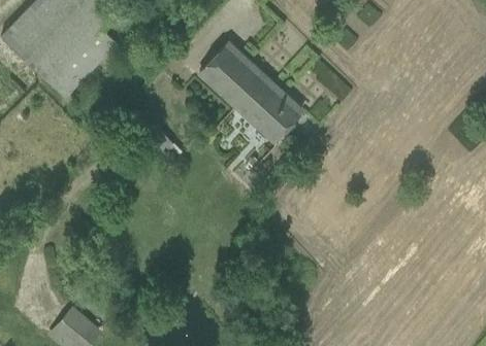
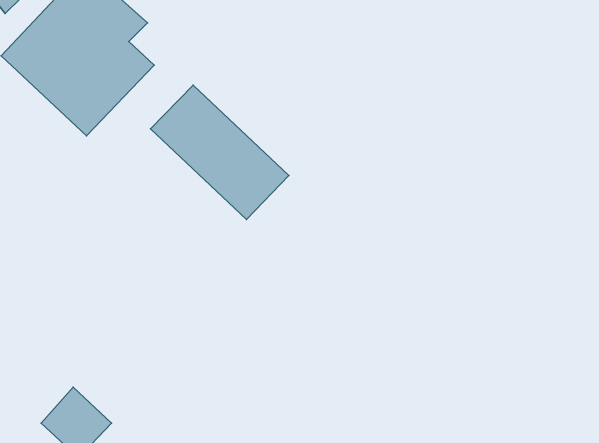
building: [197,38,304,142] -> [150,85,289,219]

